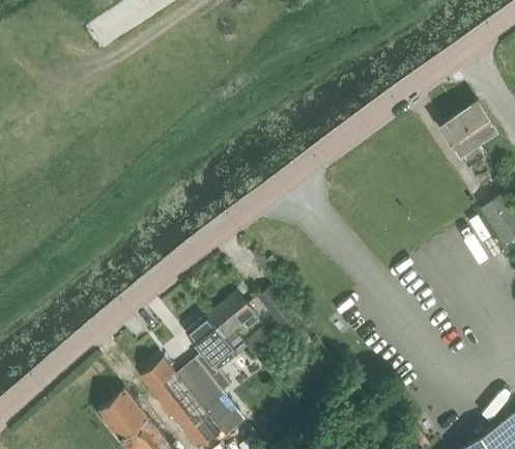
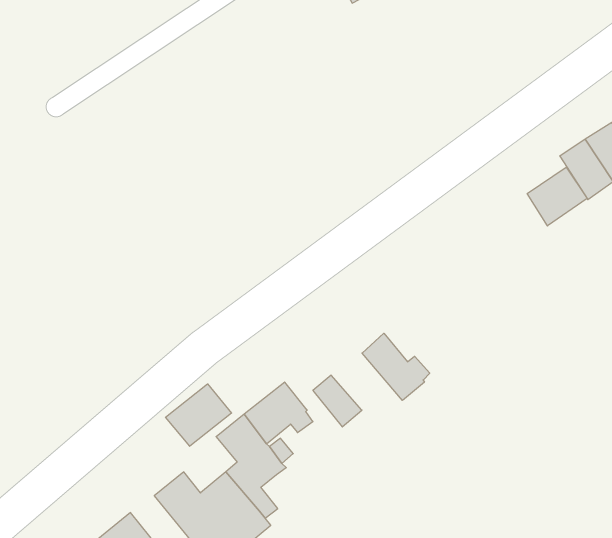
building: none -> [527,167,587,226]
building: none -> [362,333,430,400]
building: none -> [166,384,232,446]

